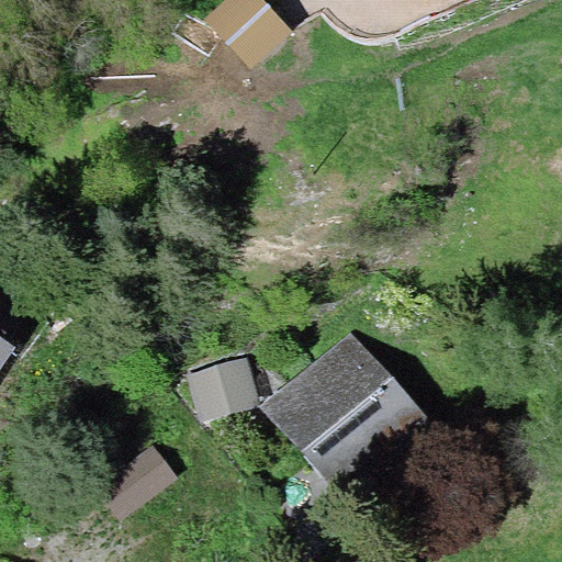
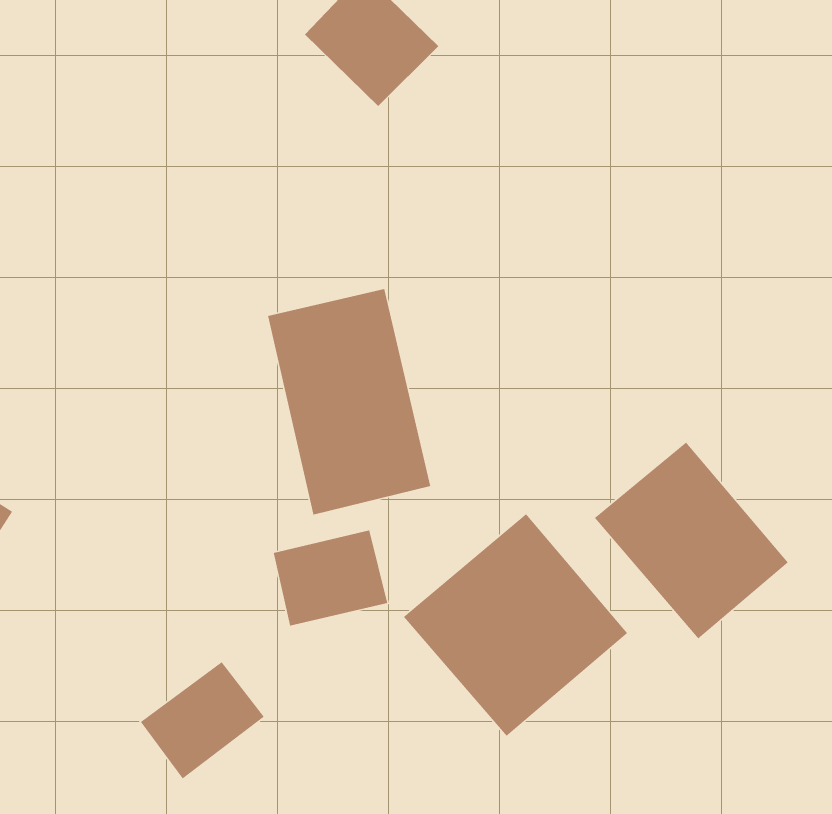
building: none -> [267,288,431,515]
building: none -> [594,441,789,640]

